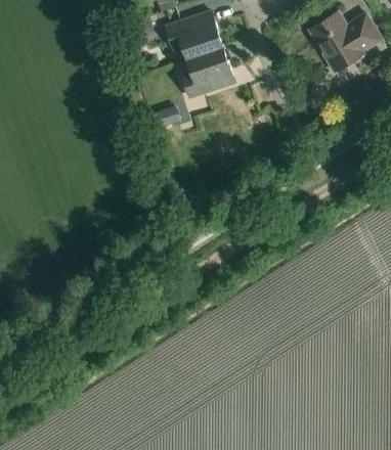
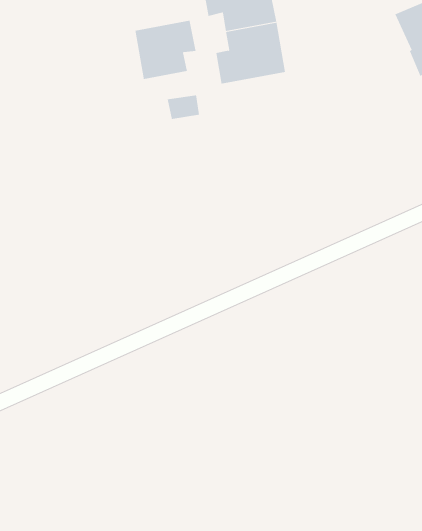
building: none -> [135,20,196,80]

